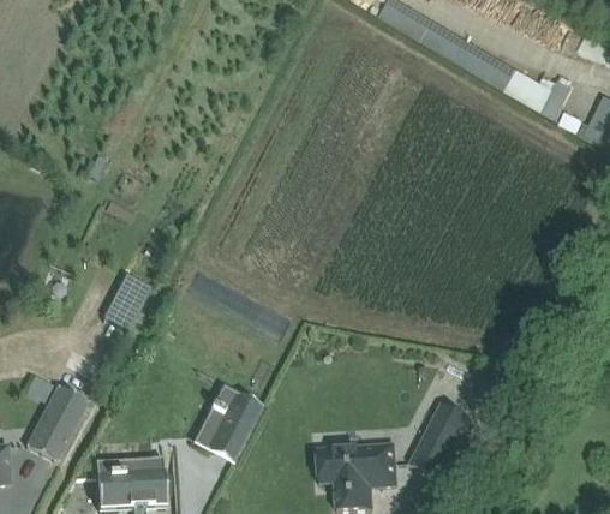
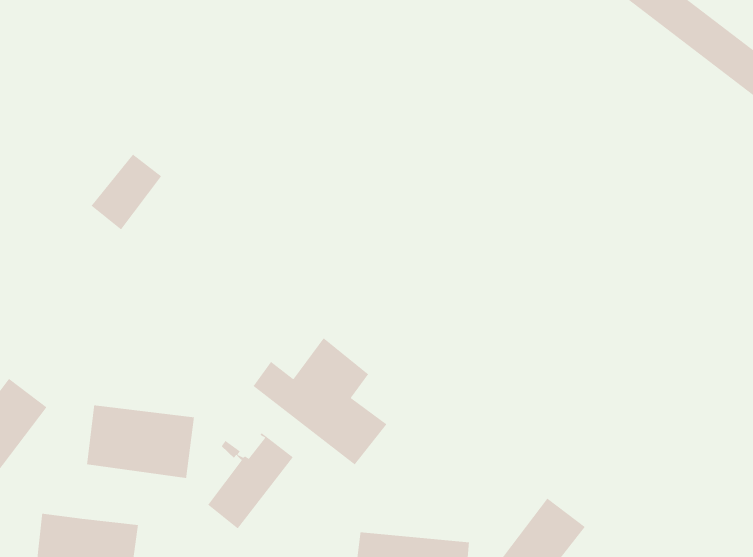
building: [103,271,149,325] -> [91,154,162,230]
building: none -> [253,337,388,465]
building: none -> [86,405,195,479]

